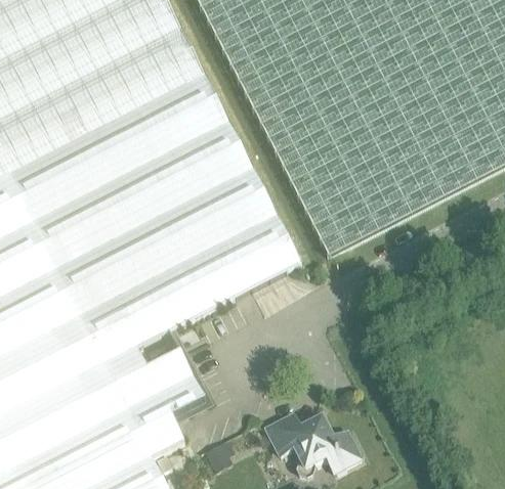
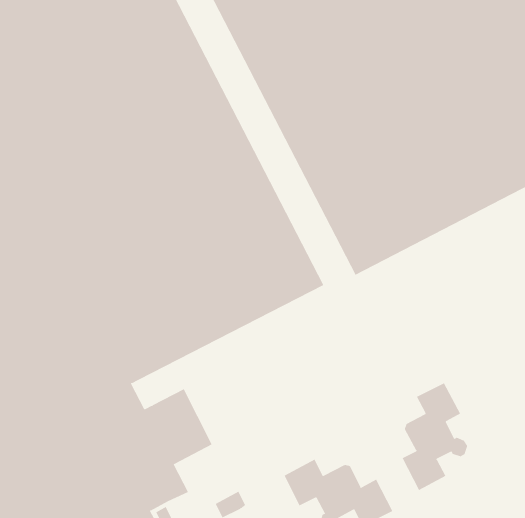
building: none -> [402,383,468,491]

